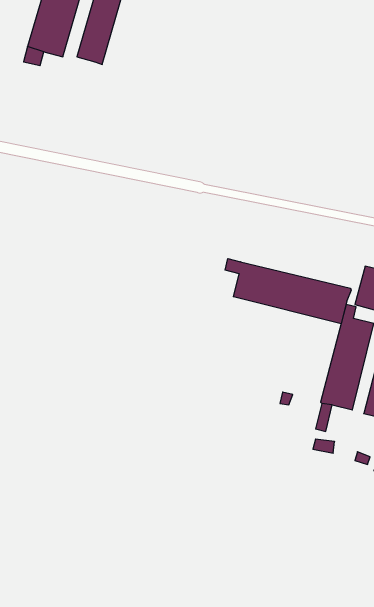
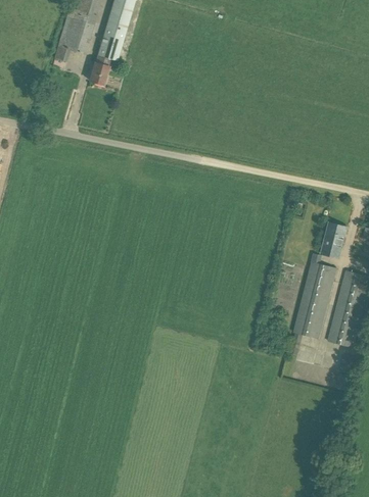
building: none -> [88,53,110,84]
building: [225,259,351,324] -> none

